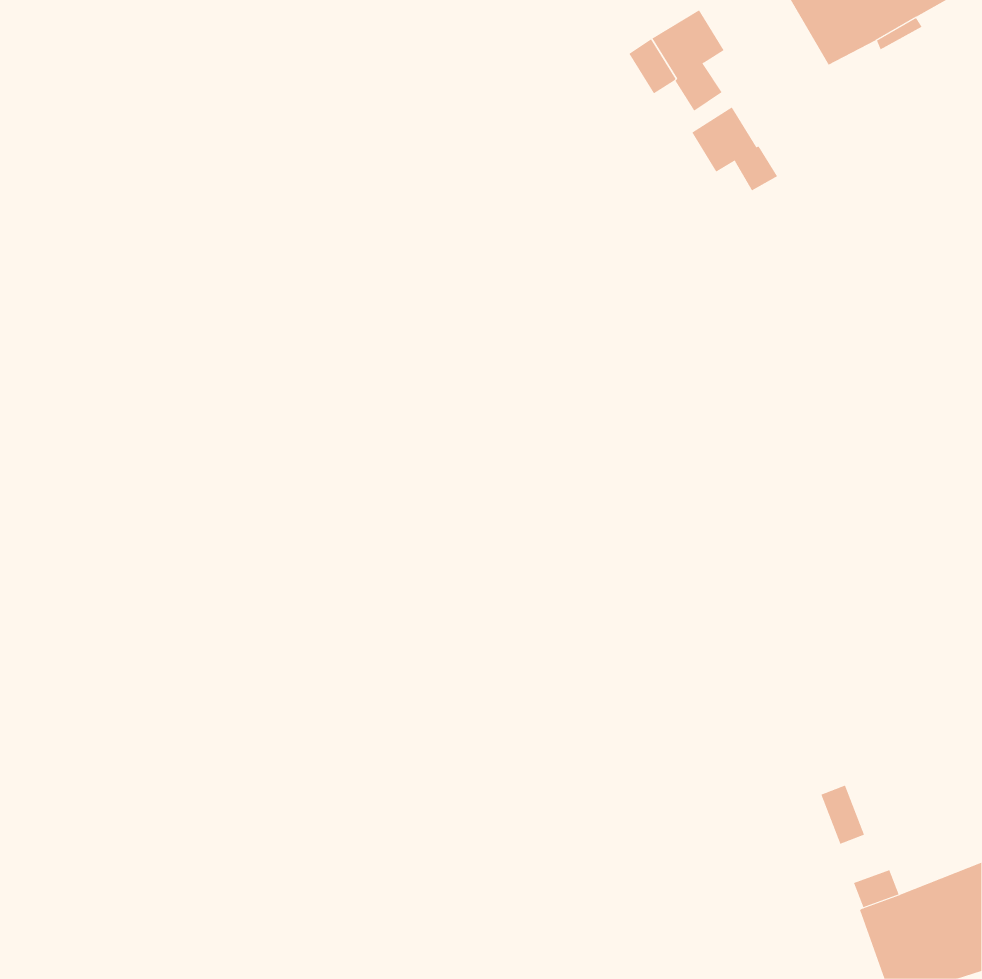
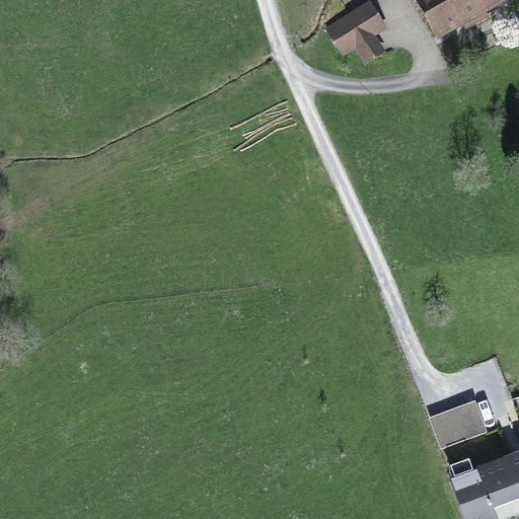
building: [691,106,778,191] -> none
building: none -> [446,403,484,440]

